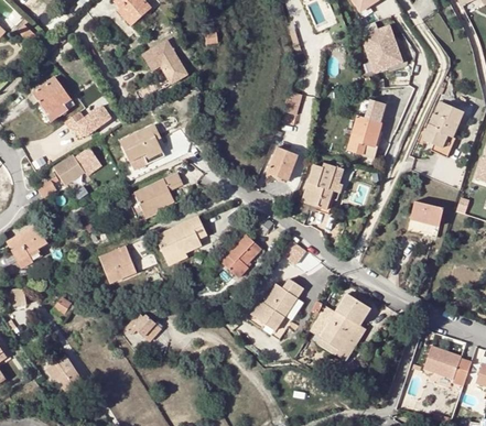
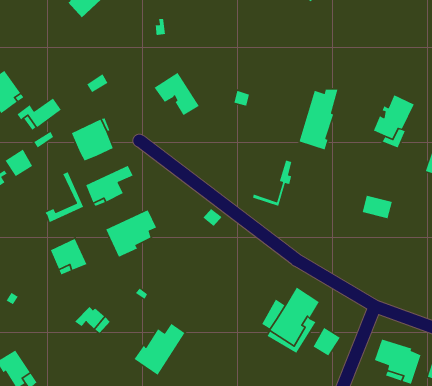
building: [361,25,400,72] -> none
building: [142,39,188,83] -> [153,72,200,116]
building: [268,148,298,181] -> none
building: [303,163,335,209] -> none
building: none -> [44,171,84,223]
building: [219,233,261,277] -> none
building: [251,278,303,331] -> [134,323,186,376]
building: none -> [313,327,341,356]

